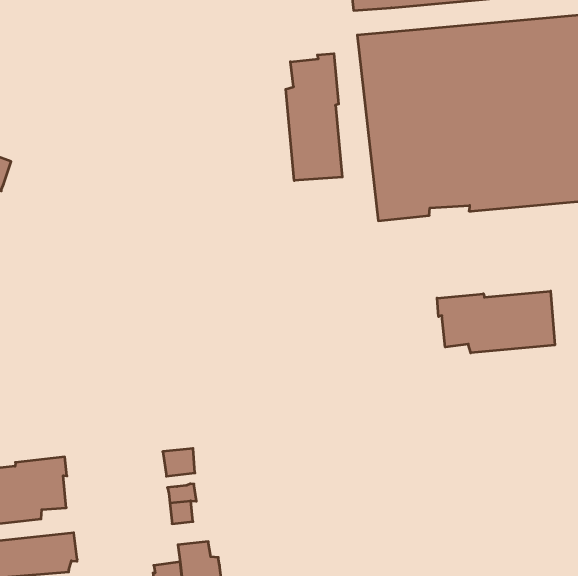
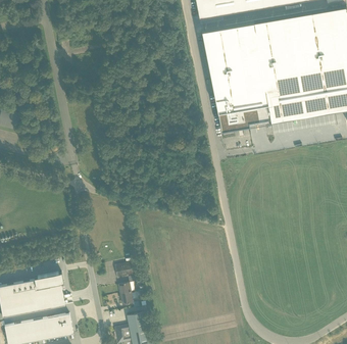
building: [286,54,342,181] -> none
building: [437,291,555,353] -> none

